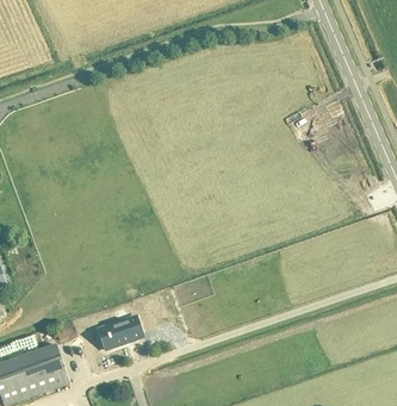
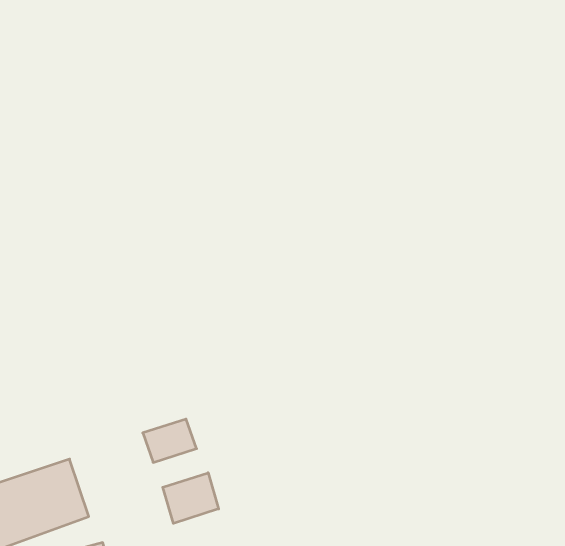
building: none -> [163,473,219,523]

